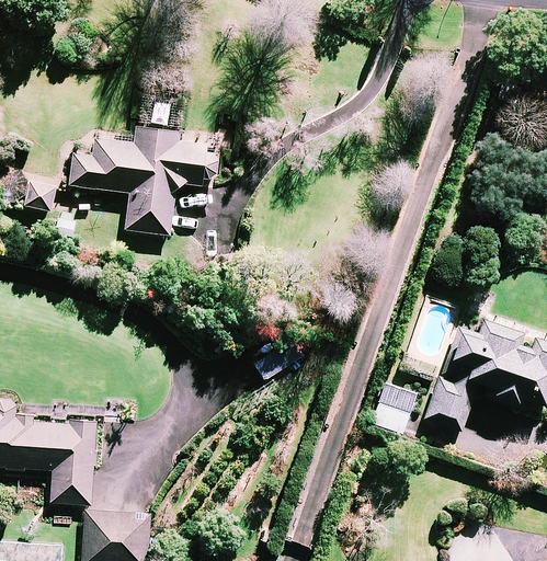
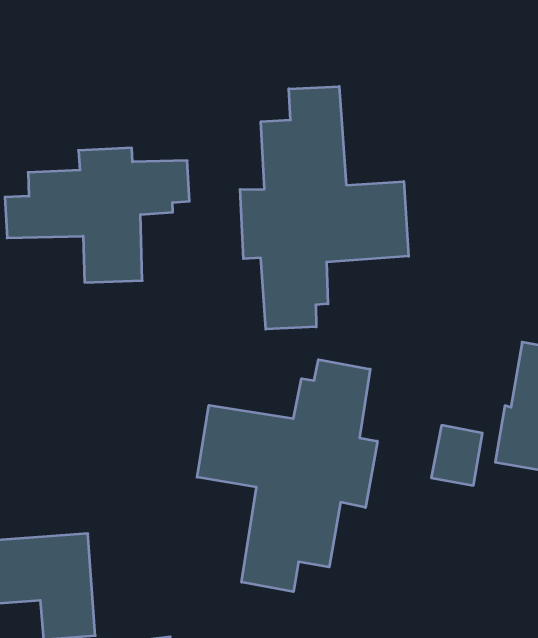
building: none -> [240,86,409,329]
building: none -> [197,360,377,592]

